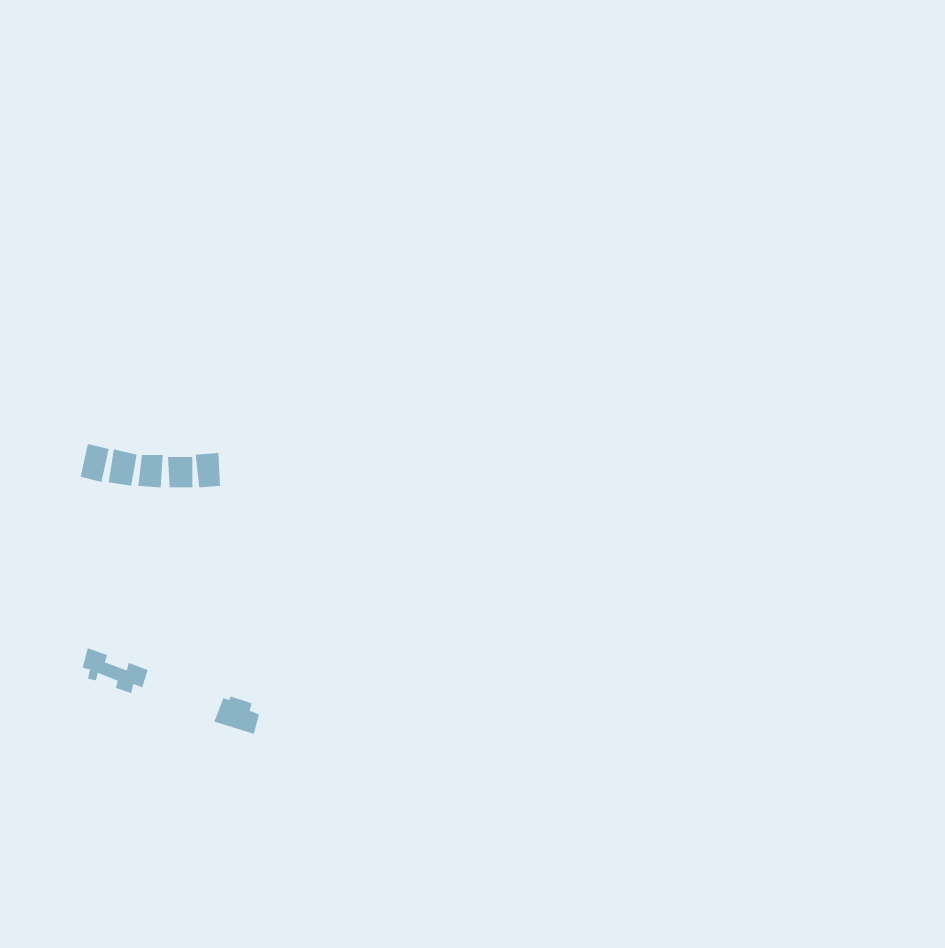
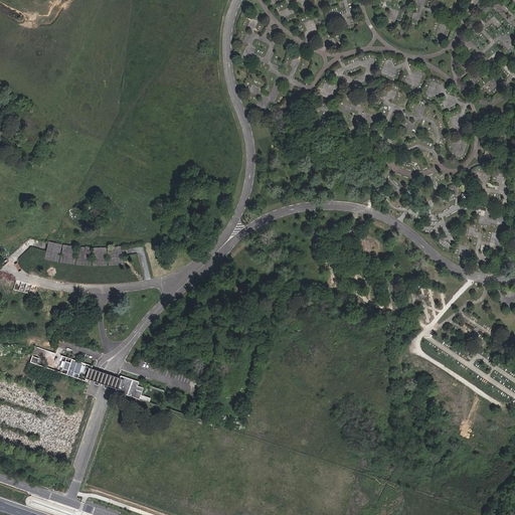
building: none -> [83,366,121,391]

